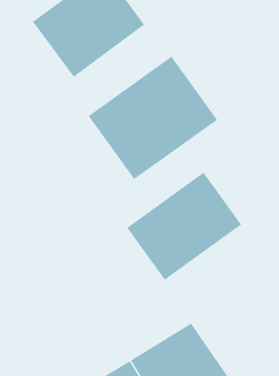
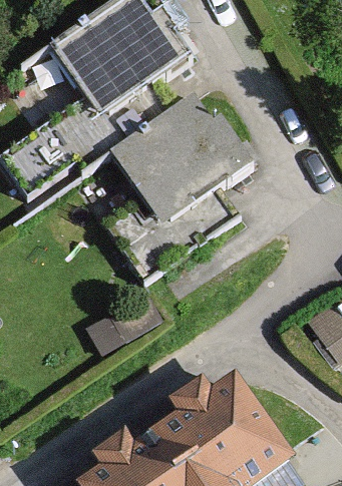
building: [126,172,242,280] -> none

